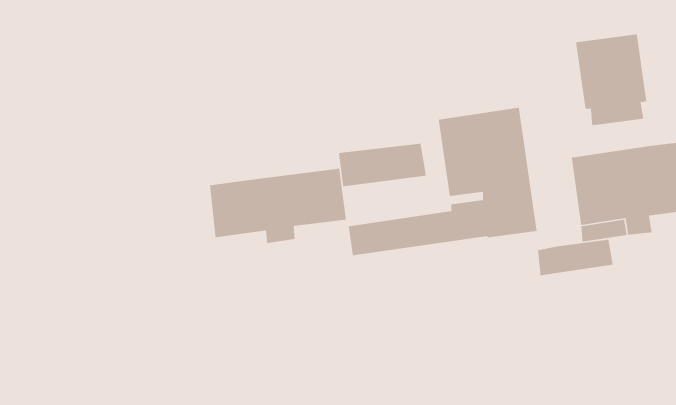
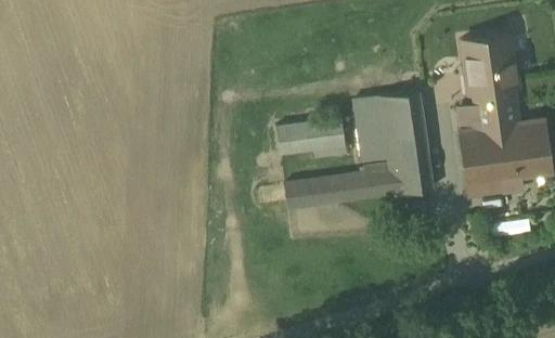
building: [209,167,347,244] -> none
building: [537,239,613,276] -> [459,101,518,130]

